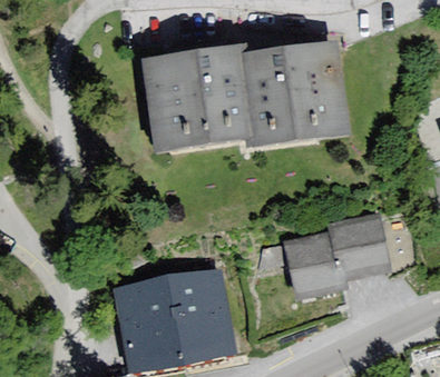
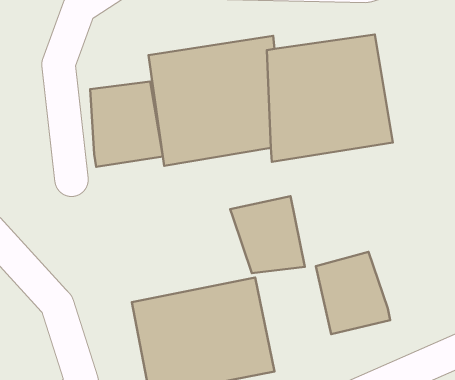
building: none -> [90,82,163,167]
building: [323,212,388,279] -> [230,196,305,273]

